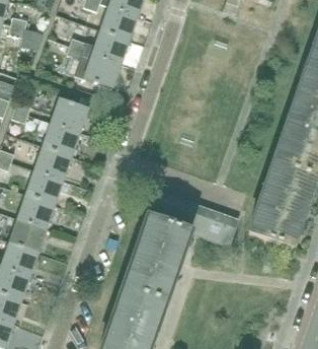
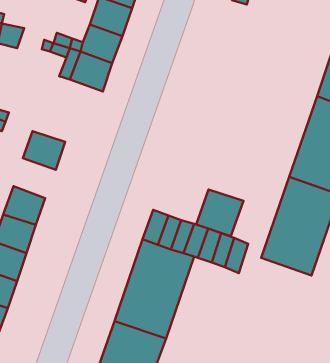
building: [51,98,87,132] -> none
building: [34,146,71,181] -> none
building: none -> [196,189,243,236]

